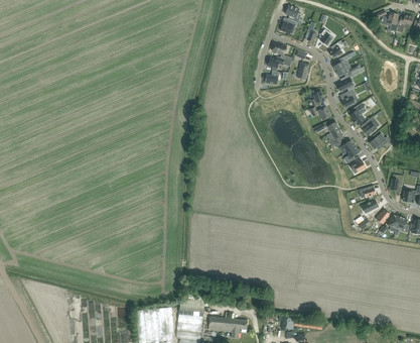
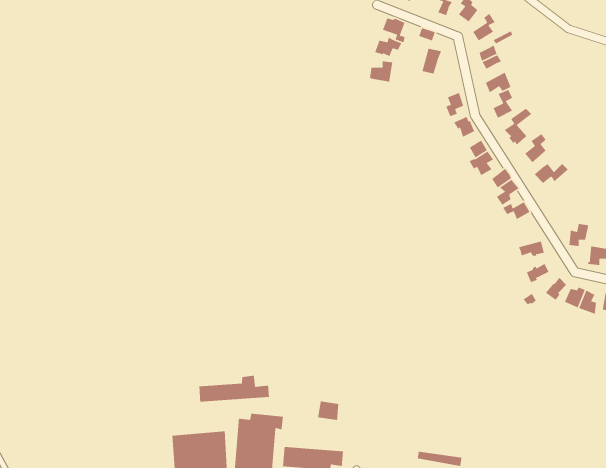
building: none -> [199,375,270,402]

